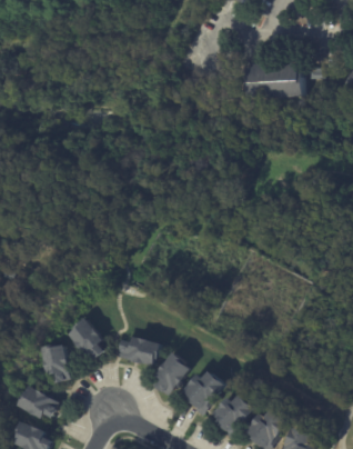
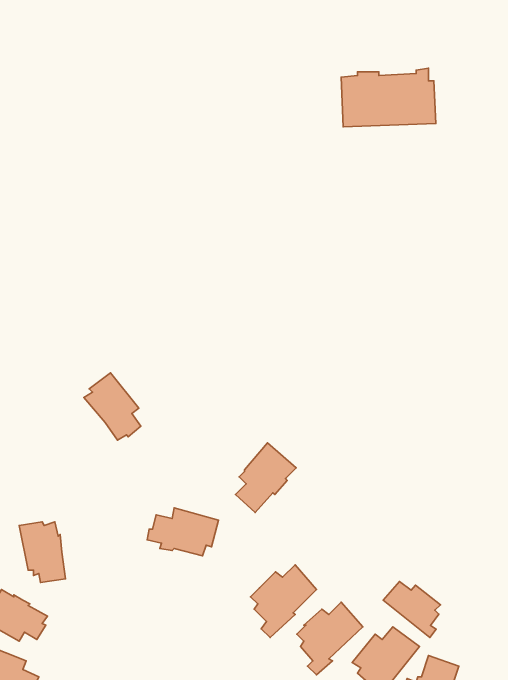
building: [69,318,104,360] -> [84,373,141,440]
building: [154,352,192,396] -> [236,443,296,512]
building: none -> [383,582,441,637]

